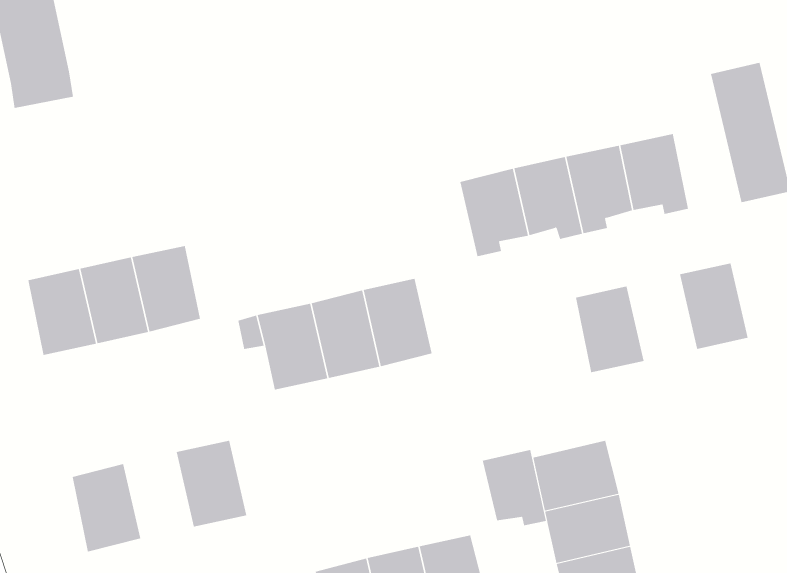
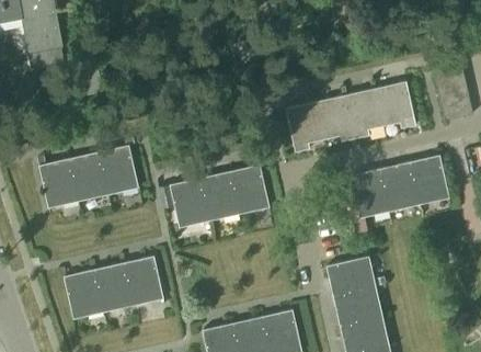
building: none -> [380,161,420,211]
building: [482,449,546,526] -> none
building: none -> [94,262,134,311]

